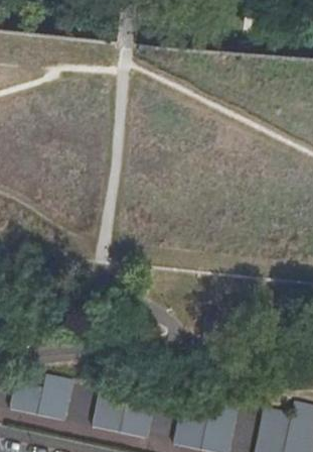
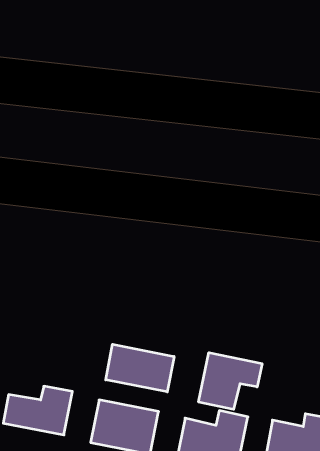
building: none -> [106,344,174,392]
building: none -> [199,353,262,409]

